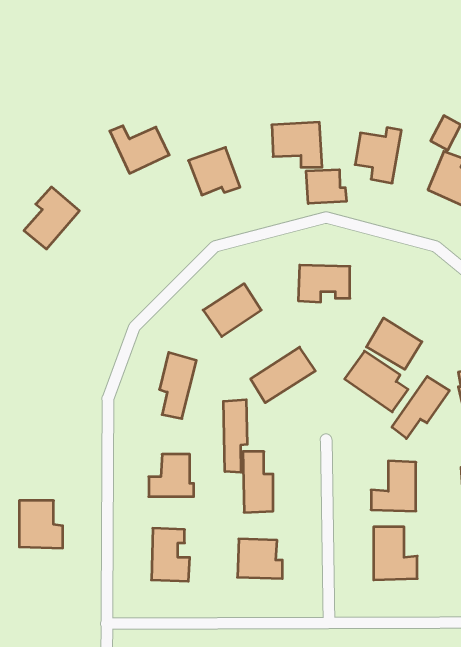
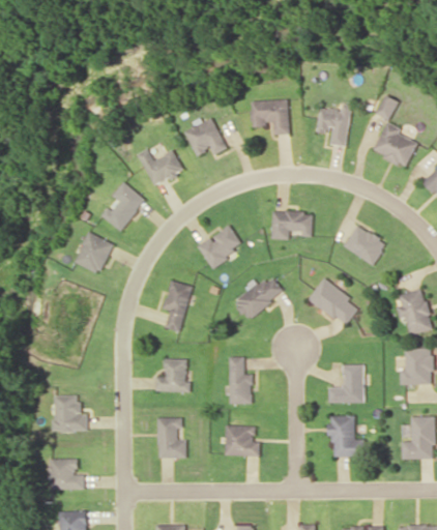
building: [110,126,169,173] -> [138,149,184,186]
building: [306,170,346,204] -> none
building: [24,187,79,249] -> [103,182,146,231]
building: none -> [74,232,113,274]
building: [366,318,422,369] -> [343,225,386,265]
building: [392,376,449,439] -> none
building: [223,400,247,472] -> none
building: none -> [50,459,84,490]

